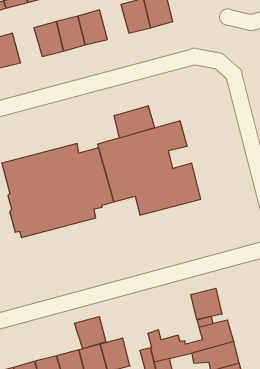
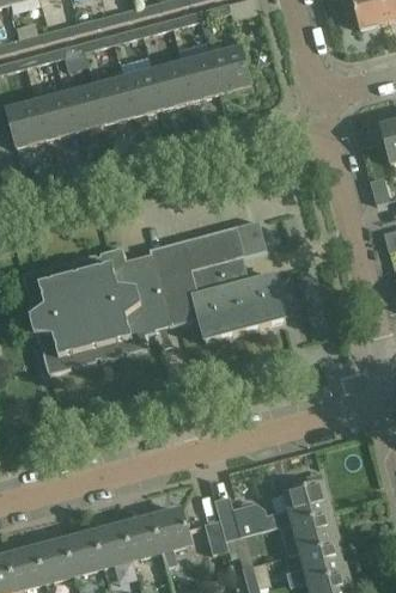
building: none -> [151,61,190,108]
building: none -> [35,92,74,139]
building: [114,106,155,138] -> none
building: [191,288,222,320] -> none
building: [75,317,106,349] -> none

